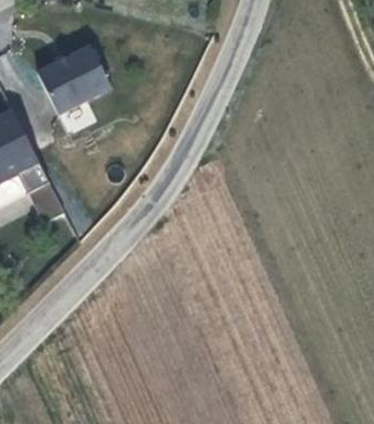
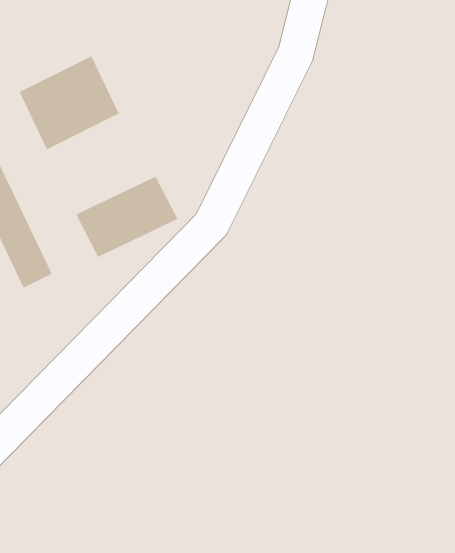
building: none -> [75,176,178,258]

